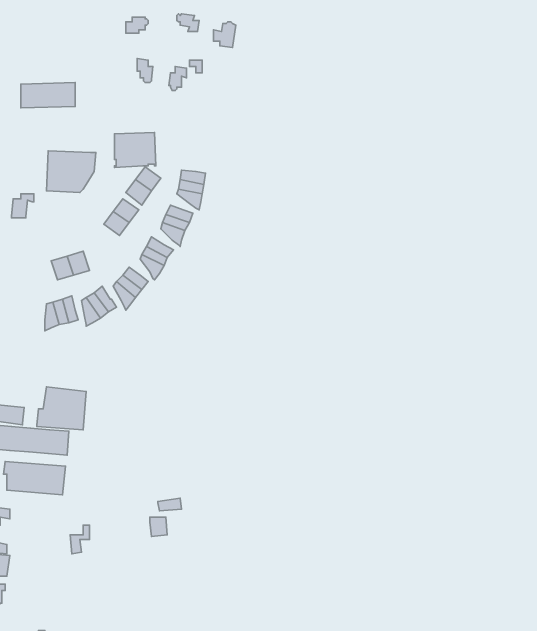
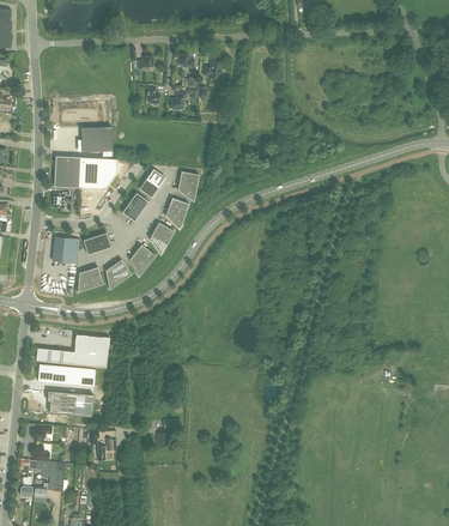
building: [115,132,156,167] -> [80,126,111,152]
building: none -> [53,156,79,187]
building: none -> [51,237,78,264]

